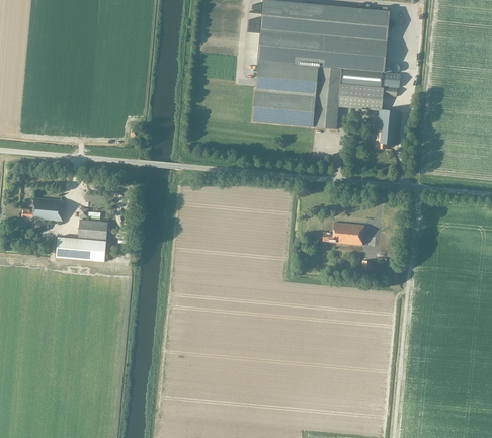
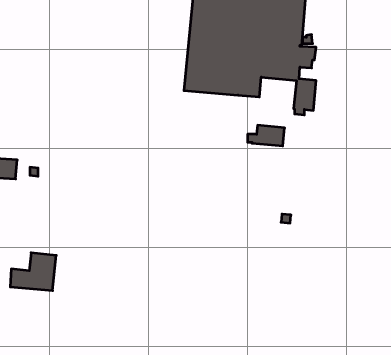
building: [57,218,108,261] -> [10,253,56,291]
building: [323,222,364,245] -> [248,125,285,146]

